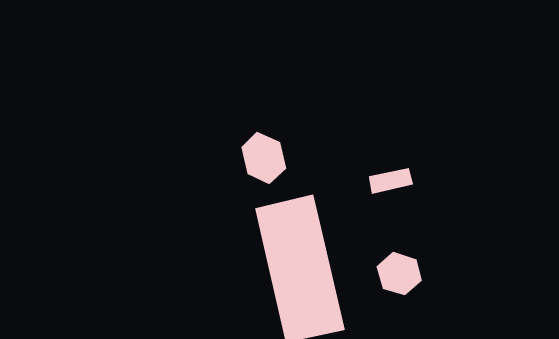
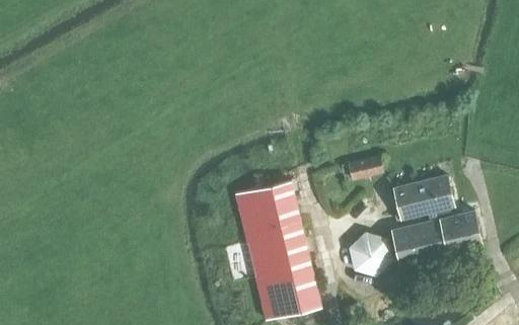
building: [241,131,287,185] -> none
building: none -> [391,173,483,265]

